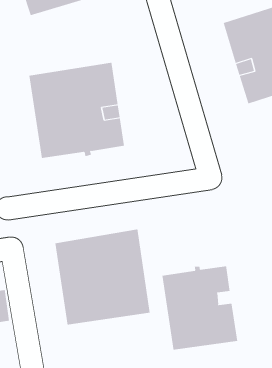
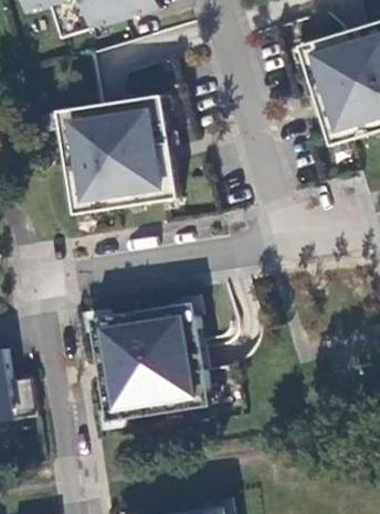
building: [162,265,238,351] -> none

